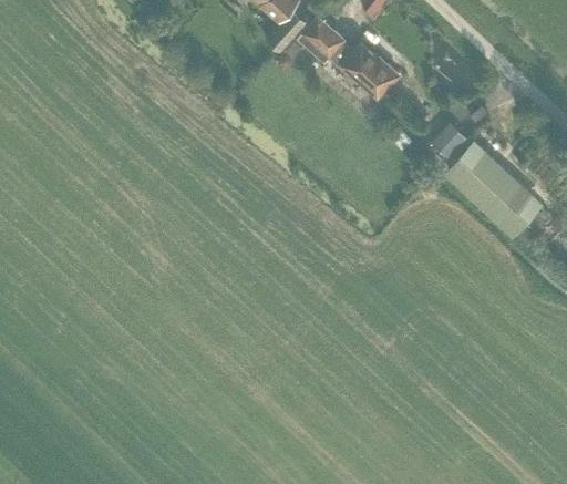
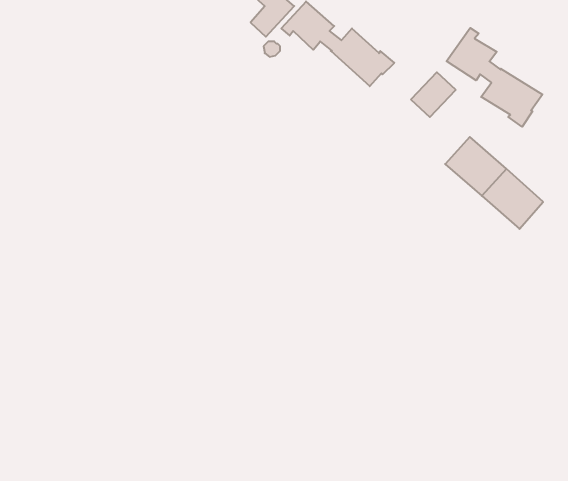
building: none -> [447,28,542,127]
building: [424,123,466,165] -> [411,72,456,117]

